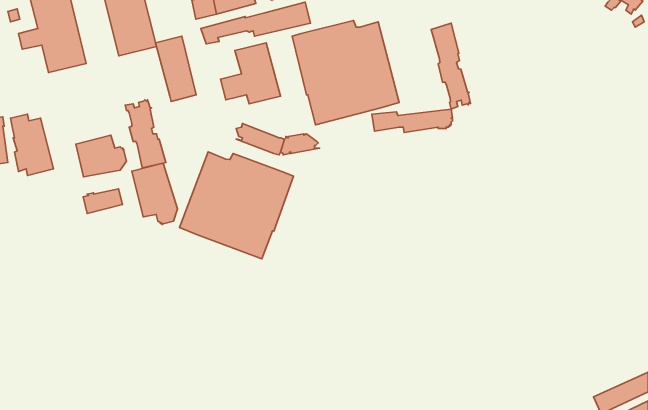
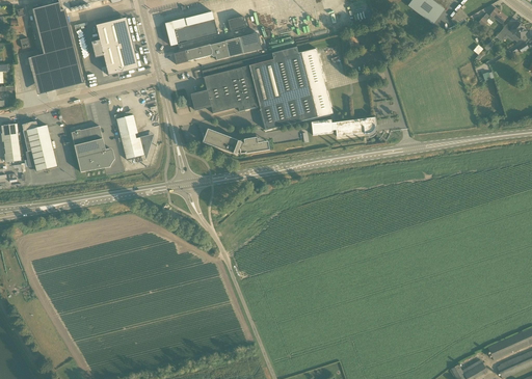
building: [431,23,470,109] -> none
building: [156,36,196,101] -> [225,59,258,111]
building: [180,152,294,259] -> none
building: [132,163,177,224] -> none
building: [83,189,122,214] -> [71,126,102,145]

